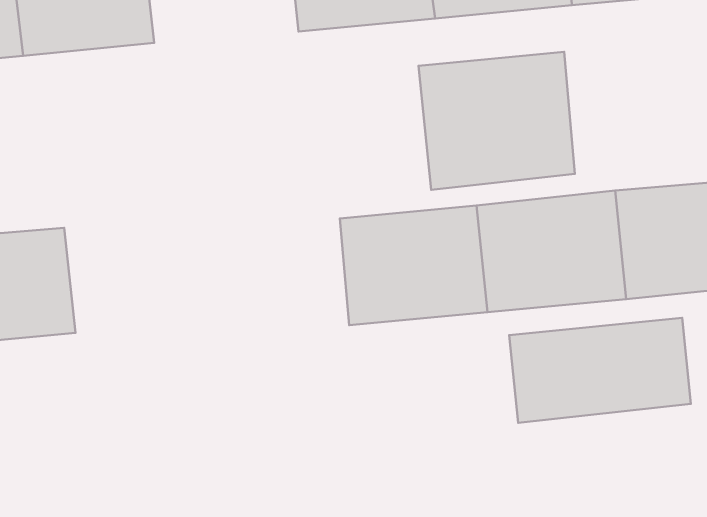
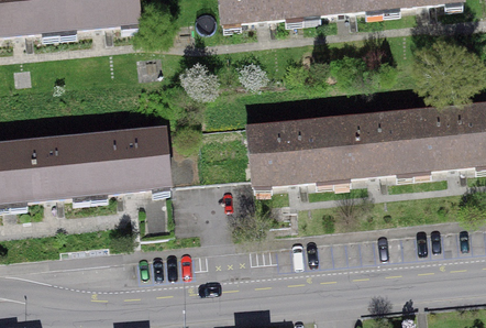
building: [418,52,575,190] -> none
building: none -> [84,128,166,197]
building: [509,318,691,423] -> none

